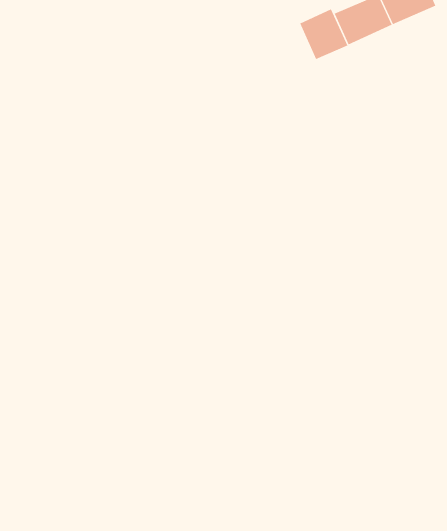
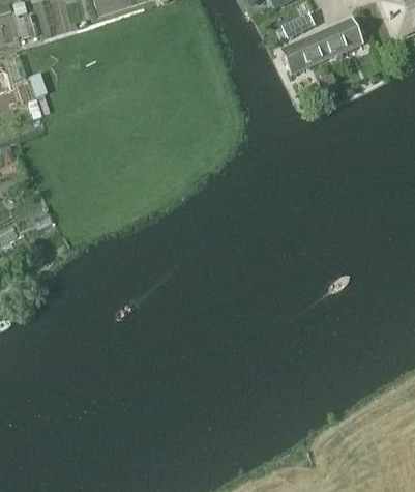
building: [300,8,348,60] -> none

